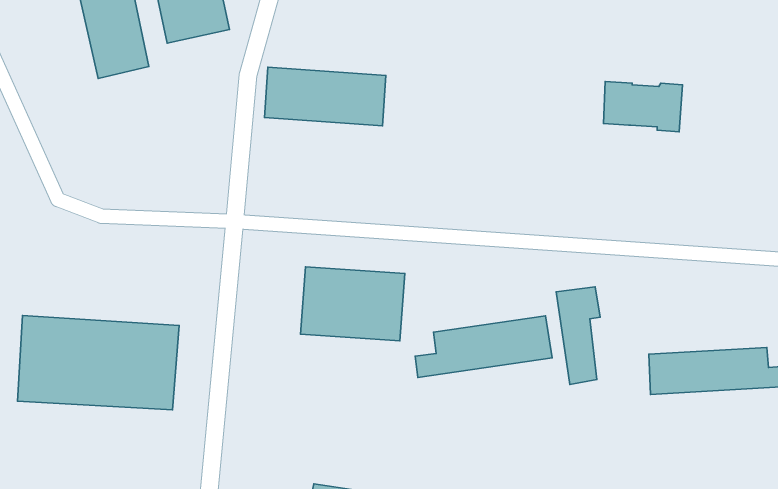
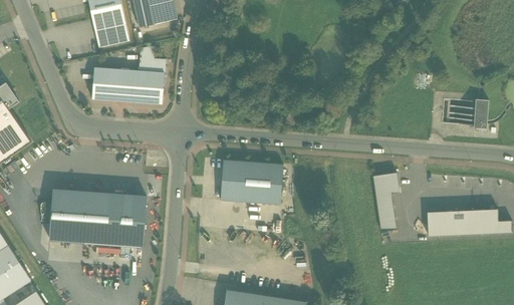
building: [265,67,386,126] -> [92,68,165,103]
building: [603,81,683,132] -> [442,98,489,128]
building: [415,316,552,377] -> none

